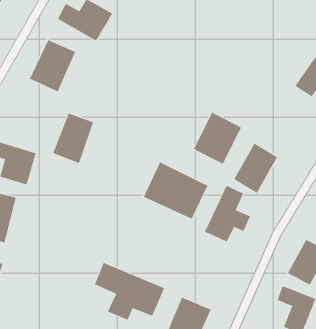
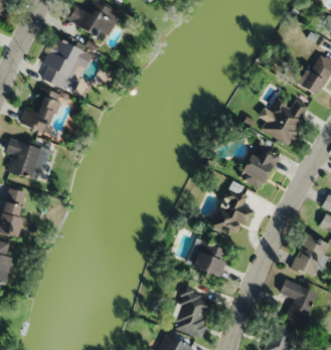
building: [193,112,242,165] -> [262,95,309,146]
building: [53,113,94,164] -> [23,85,63,135]
building: [143,162,208,219] -> none
building: none -> [190,240,229,279]
building: [94,262,165,320] -> none

